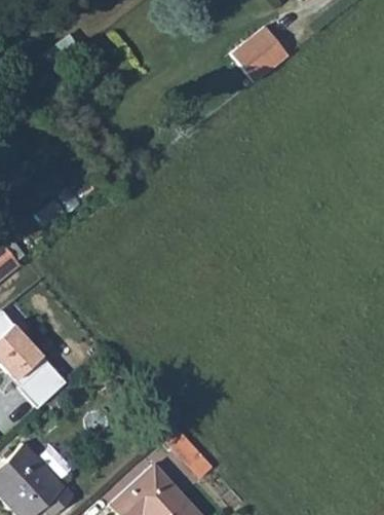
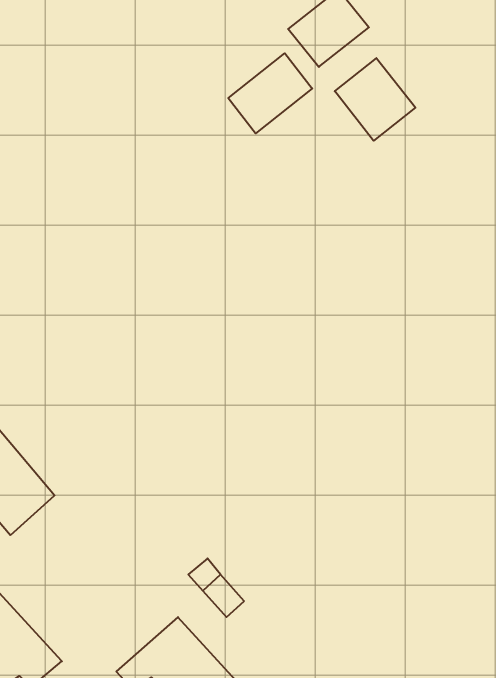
building: none -> [228,53,312,133]
building: none -> [335,58,415,141]

